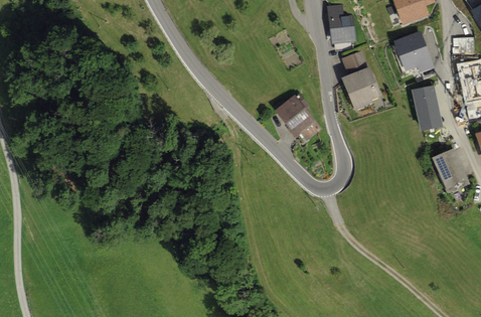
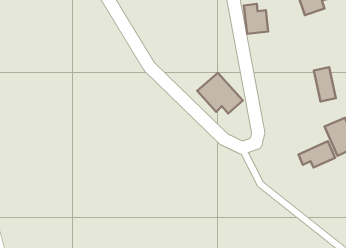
building: [396,31,433,70] -> none
building: [339,51,381,110] -> none
building: none -> [298,141,335,168]

